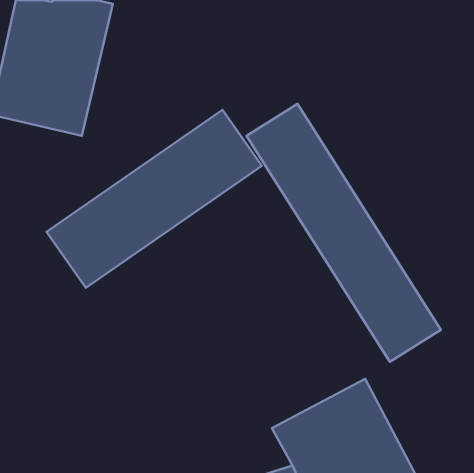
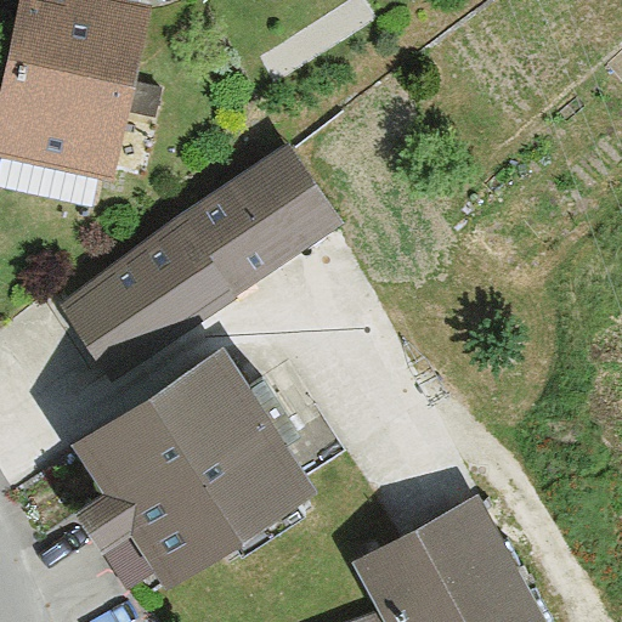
building: [246,104,441,362] -> none
building: none -> [74,350,310,581]

